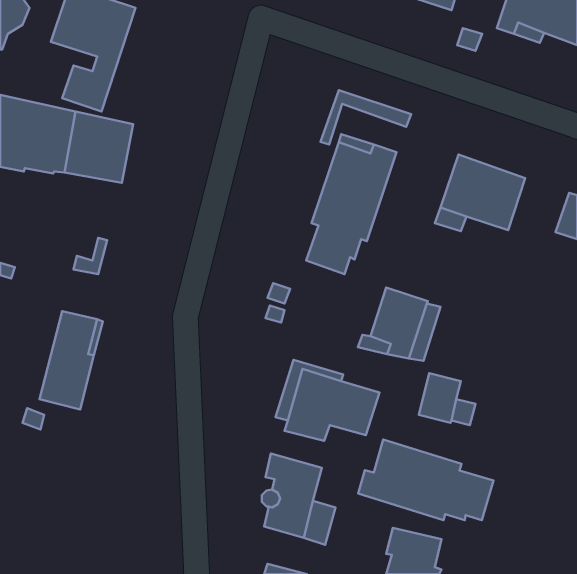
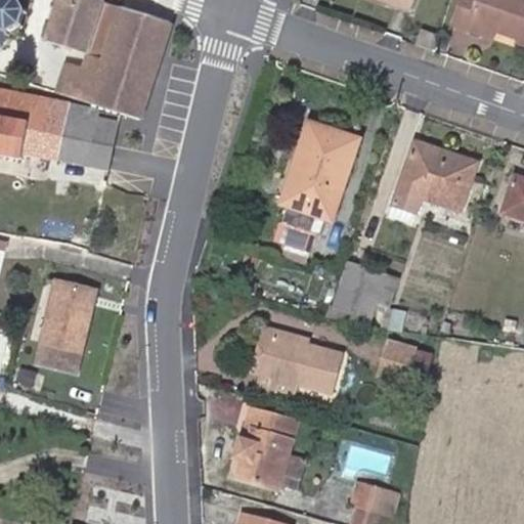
building: none -> [92,7,170,117]
building: [320,90,411,144] -> none
building: [358,440,493,520] -> none

